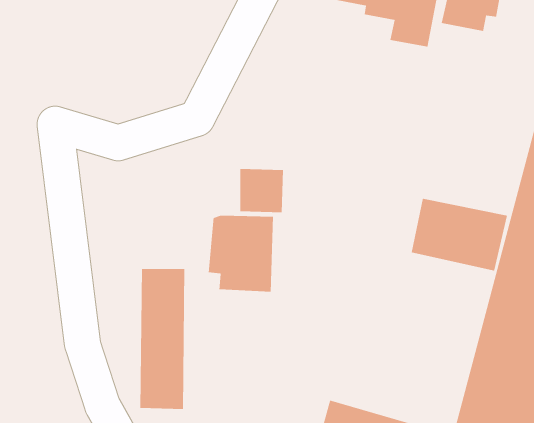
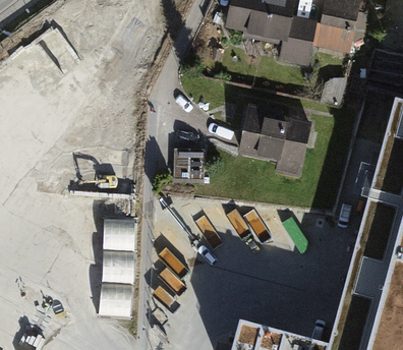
building: [411,198,508,271] -> [242,113,311,165]
building: [208,215,274,293] -> none

